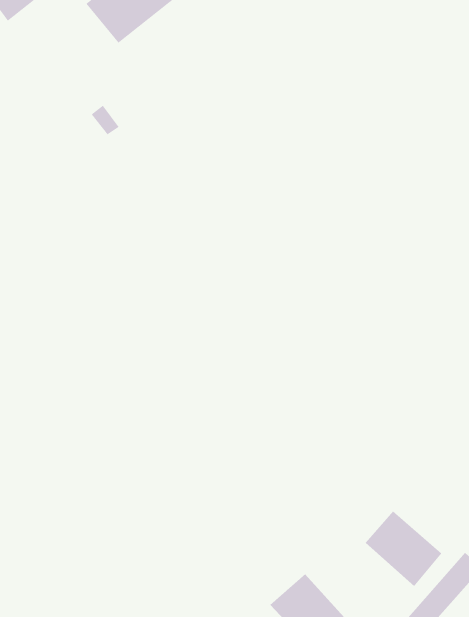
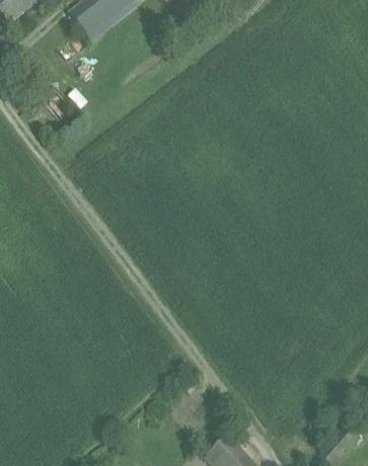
building: [365,511,442,587] -> none

